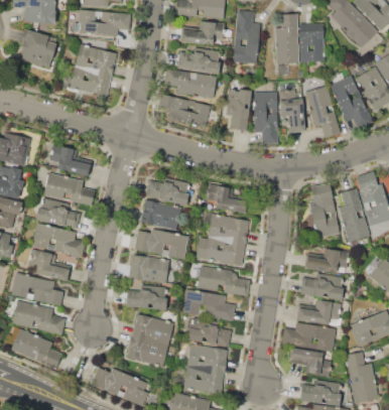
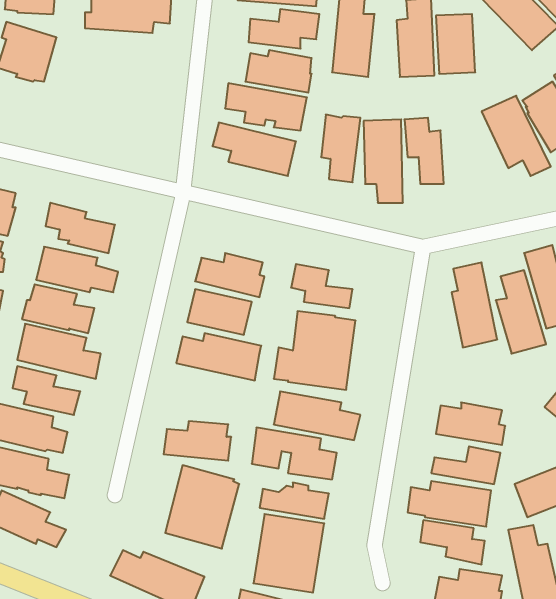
building: [70,45,118,98] -> none
building: [304,86,340,137] -> none
building: [304,250,349,273] -> none
building: [128,255,169,283] -> none

